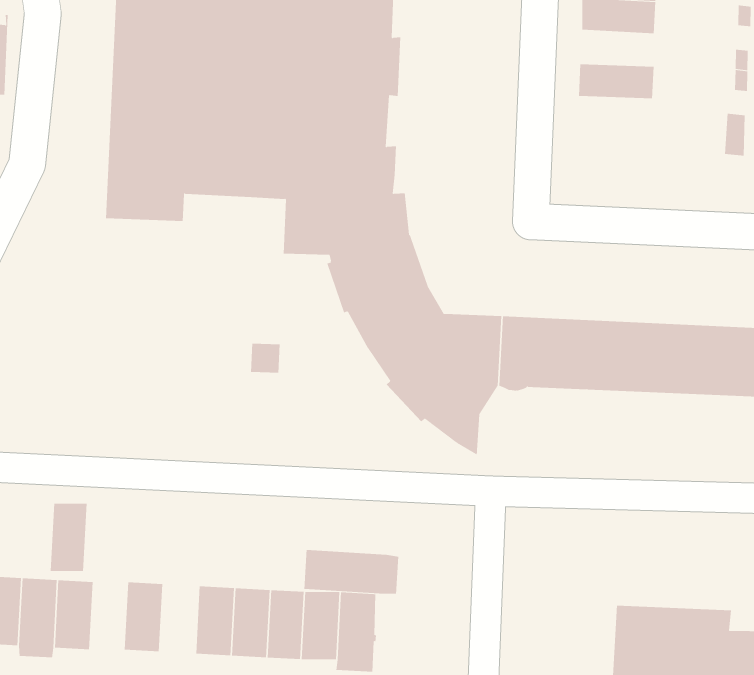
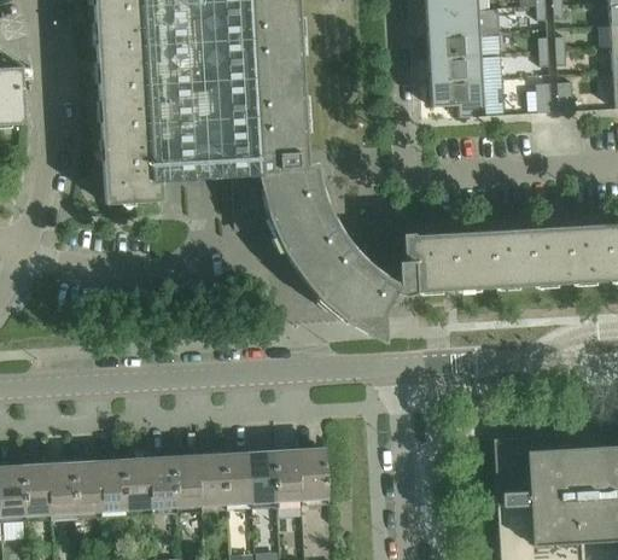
building: none -> [430,31,484,58]
building: none -> [432,77,488,116]
building: [50,503,88,571] -> [126,456,152,507]
building: [304,549,399,594] -> none
building: none -> [175,454,203,503]

